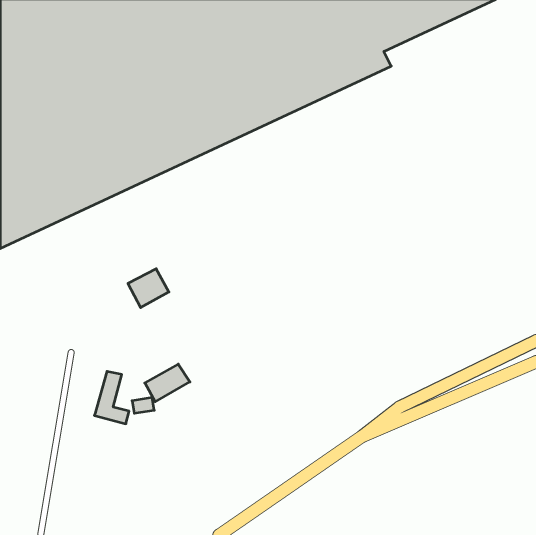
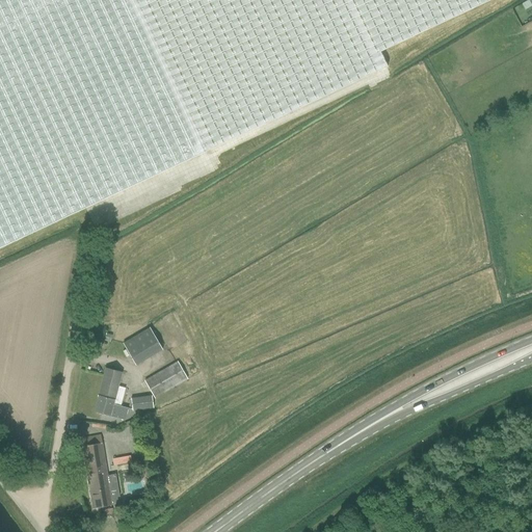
building: [128,269,169,308] -> [123,325,163,364]
building: none -> [81,434,117,507]

